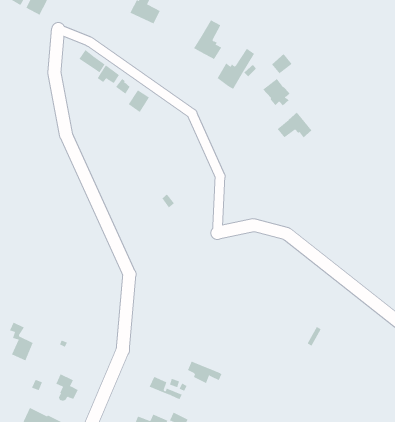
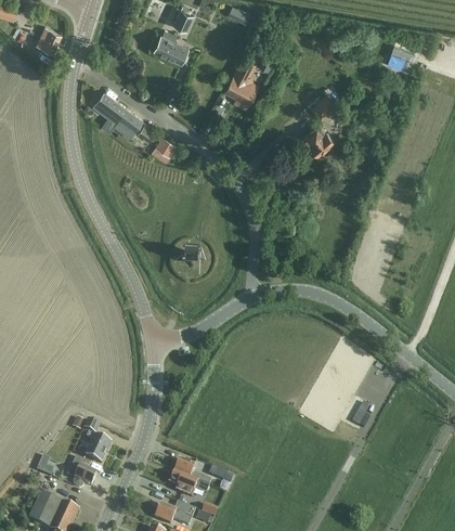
building: [217,48,255,90] -> none
building: [277,112,312,138] -> none
building: [9,322,33,361] -> [82,419,109,464]
building: [187,361,222,384] -> [170,471,209,497]

